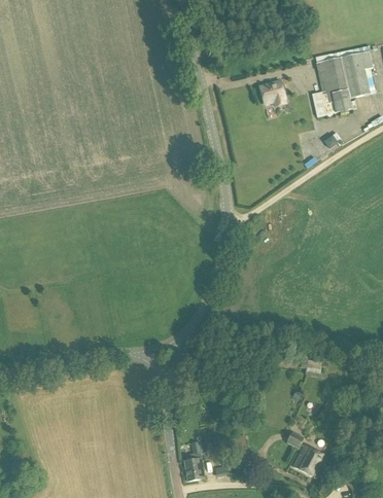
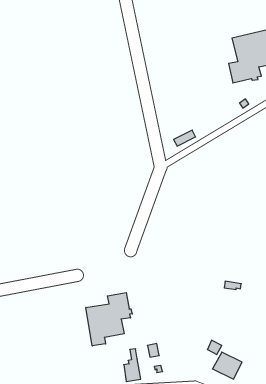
building: [258,79,284,104] -> none
building: none -> [86,293,132,346]

